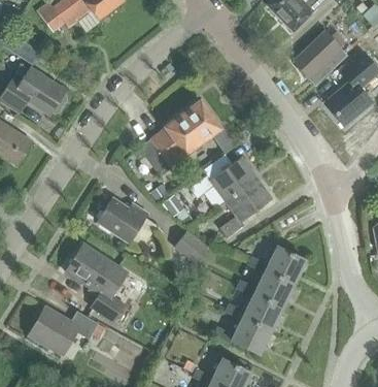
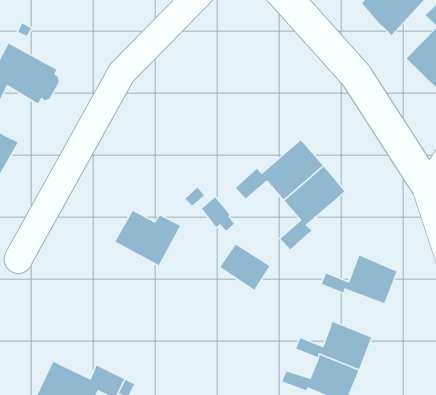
building: [139,100,221,172] -> none
building: [66,244,128,321] -> none
building: [237,269,295,307] -> none

